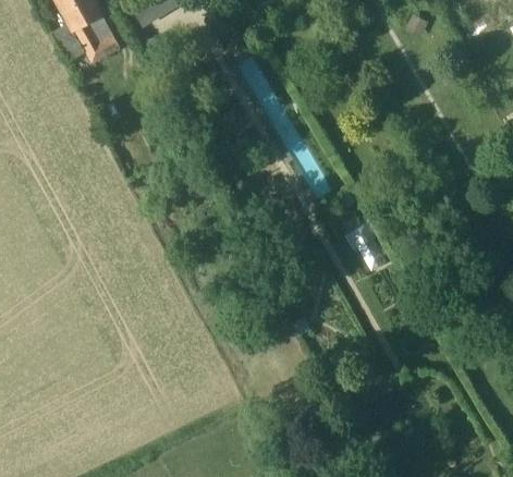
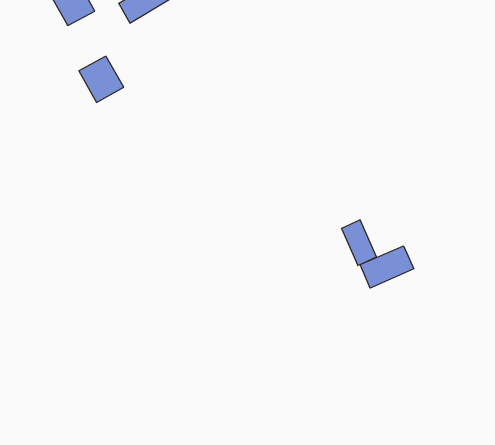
building: [76,16,121,62] -> [79,57,124,102]
building: none -> [360,246,414,288]

